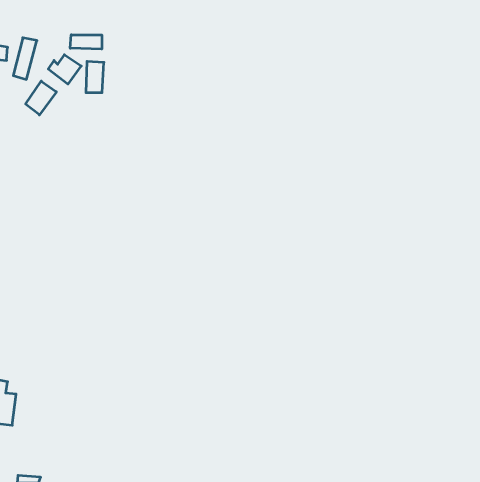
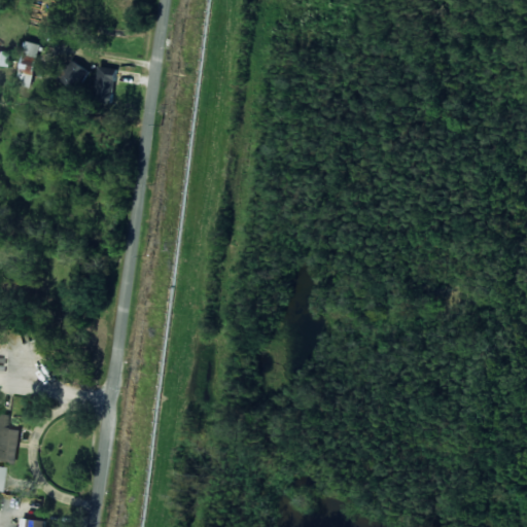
building: [70,35,102,49] -> none
building: [26,81,56,115] -> none

